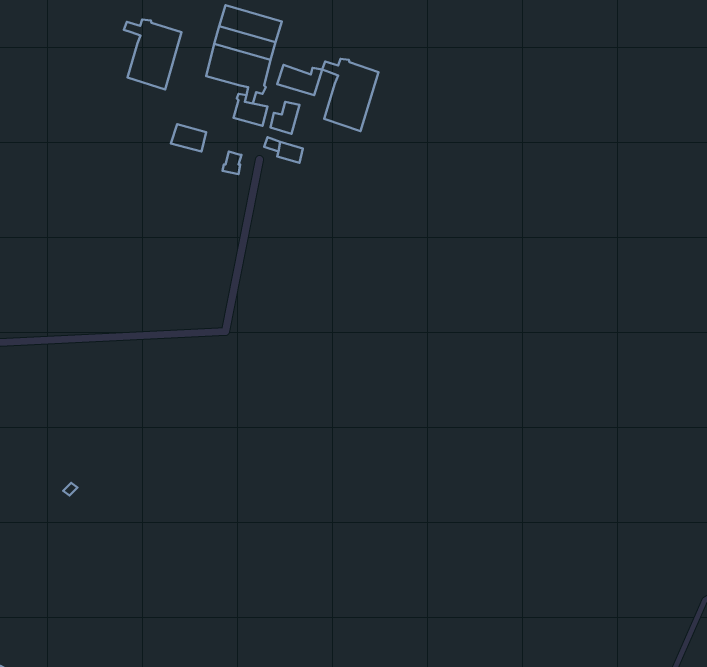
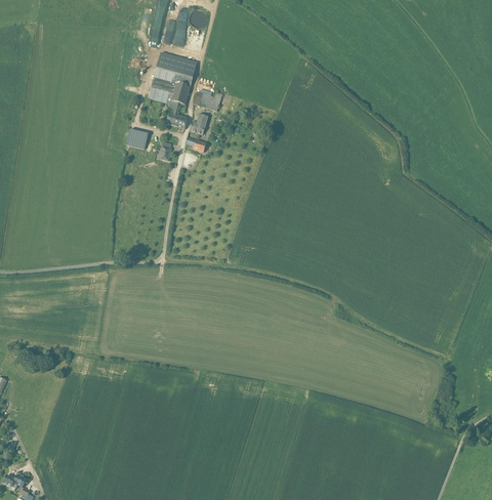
building: [124,19,182,89] -> none
building: [322,59,379,131] -> none

